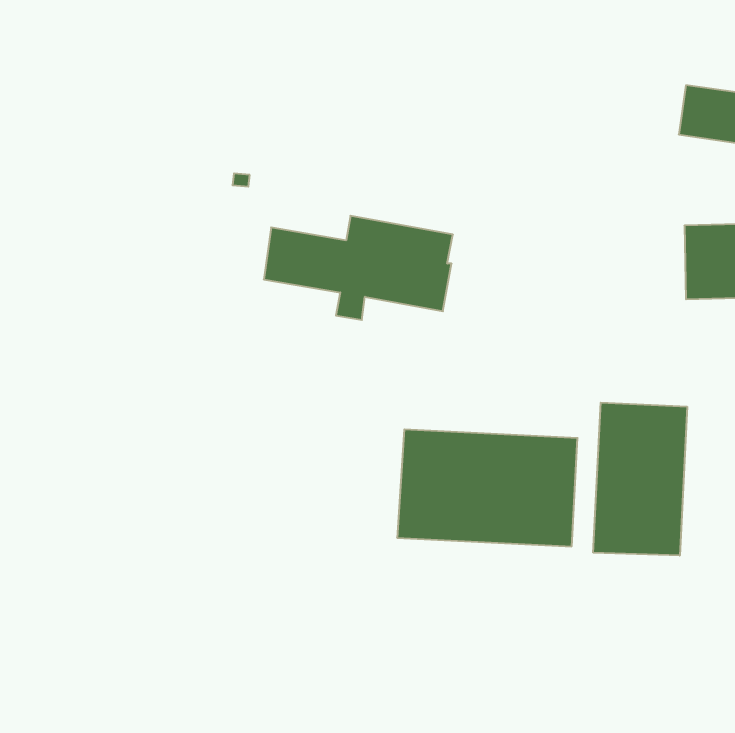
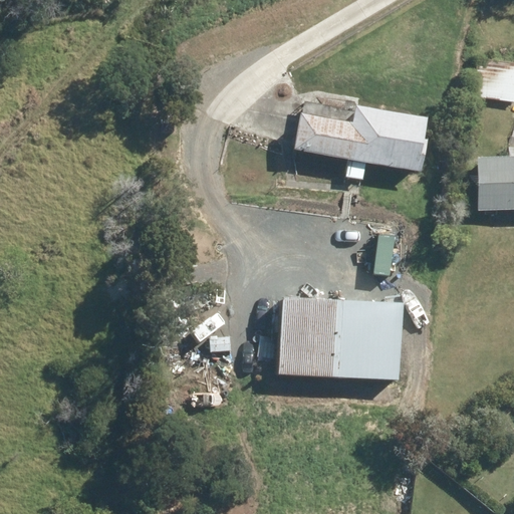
building: [264,216,453,320] -> [296,105,428,178]
building: [593,403,687,556] -> none

